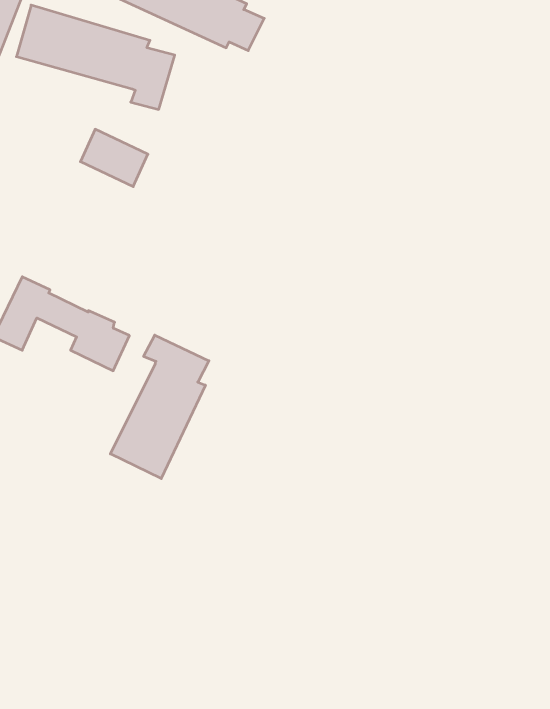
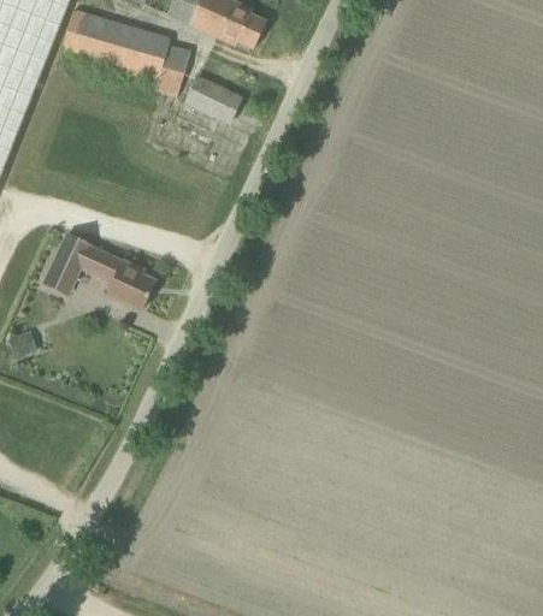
building: [80,129,148,187] -> [184,75,240,122]
building: [110,335,209,479] -> none

